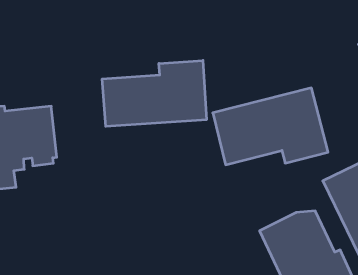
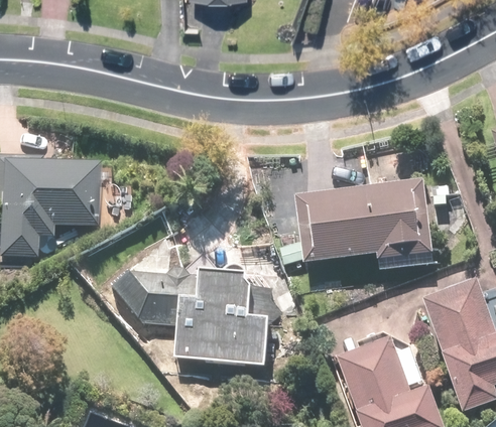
building: [102,60,206,126] -> none
building: none -> [113,270,270,363]

